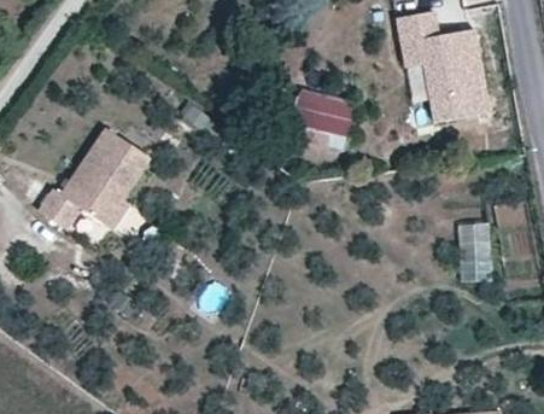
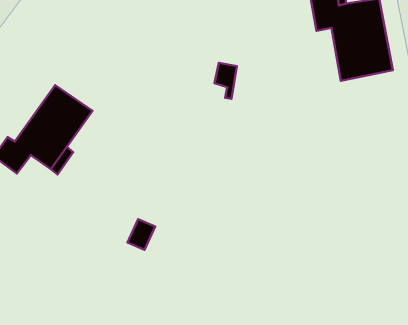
building: [308,105,350,145] -> none
building: [450,218,485,279] -> none

